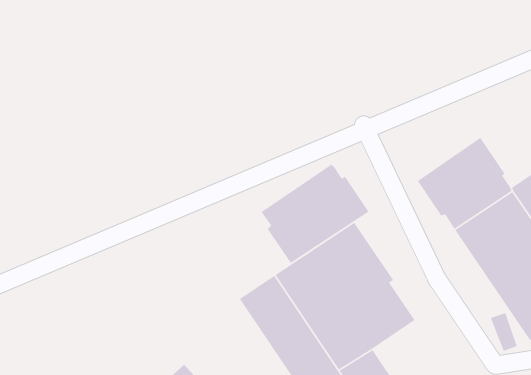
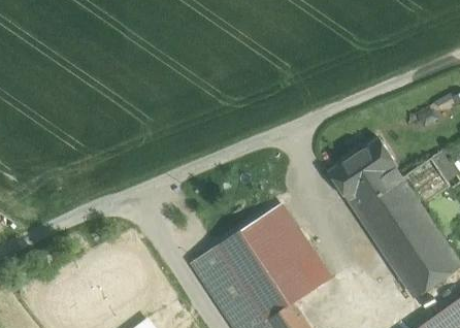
building: [260,164,369,264] -> none

